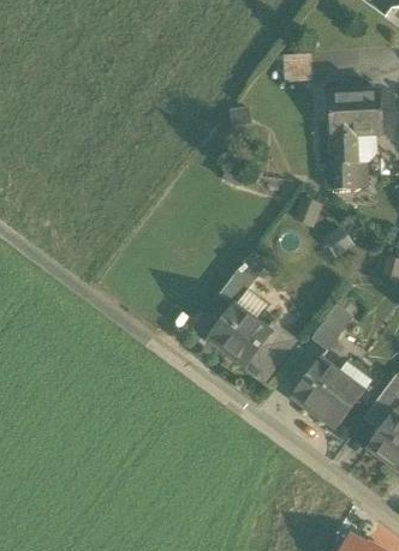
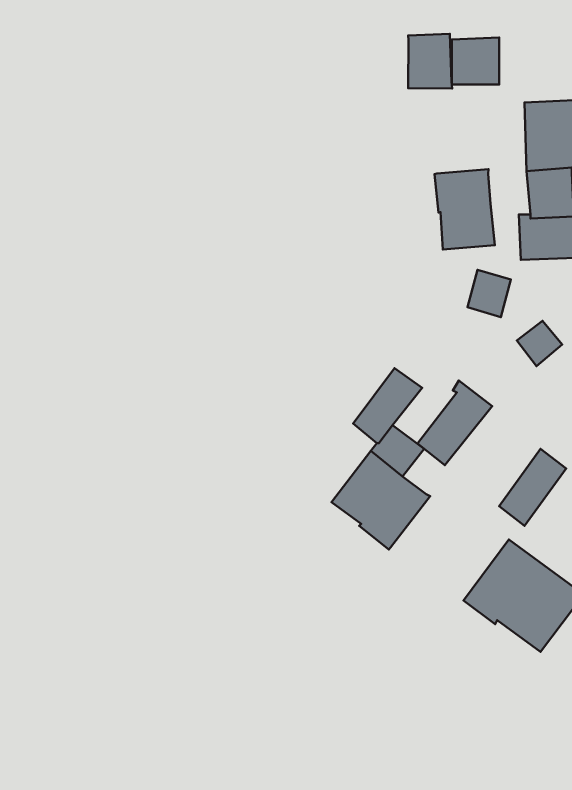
building: none -> [408,34,452,88]
building: none -> [435,169,495,250]
building: [248,324,293,376] -> [417,381,492,465]

